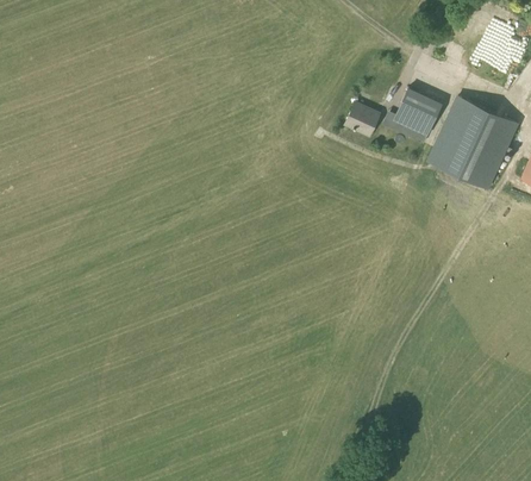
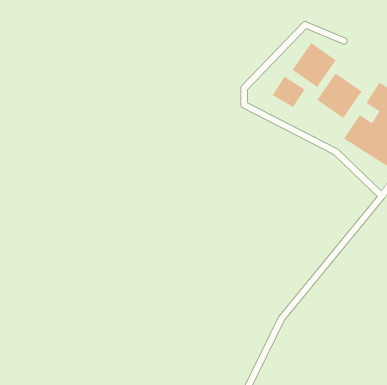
building: none -> [292,42,337,88]

